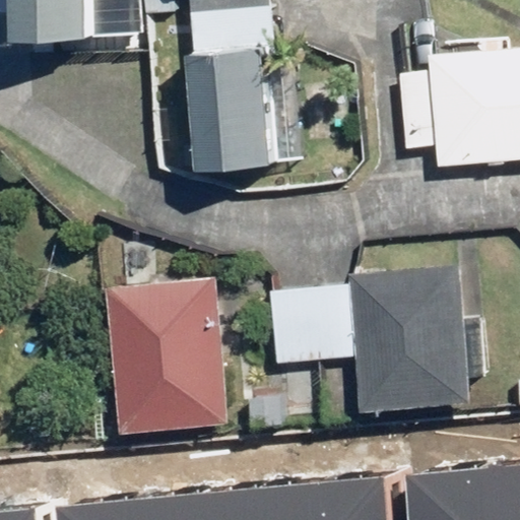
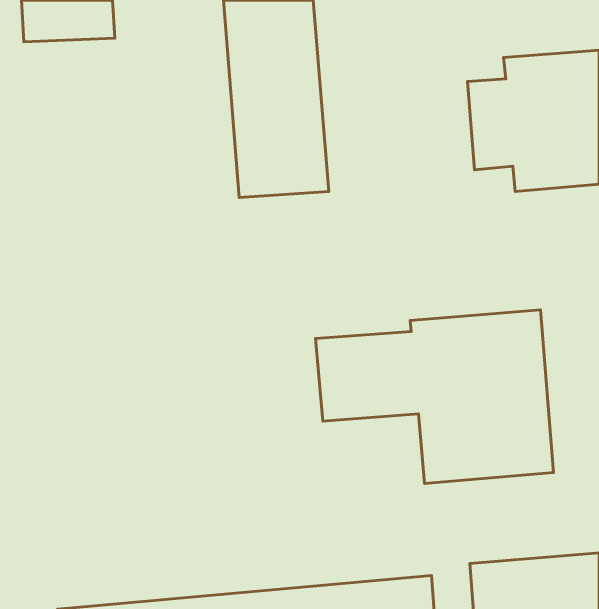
building: [107,274,228,433] -> none

